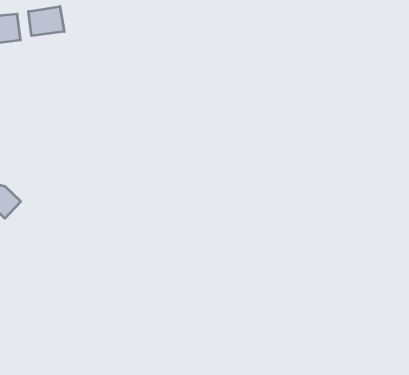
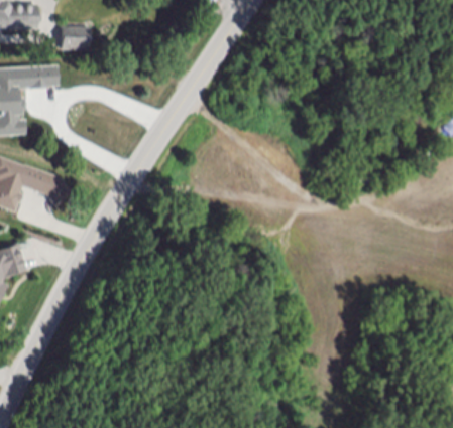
building: [28,6,64,36] -> none

